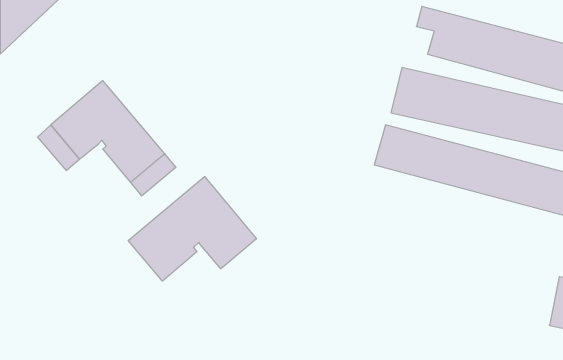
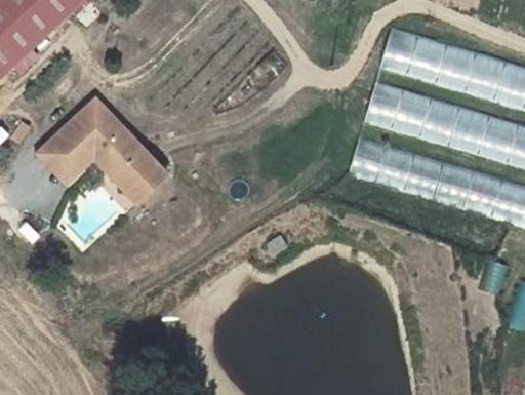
building: [128,177,256,281] -> none

